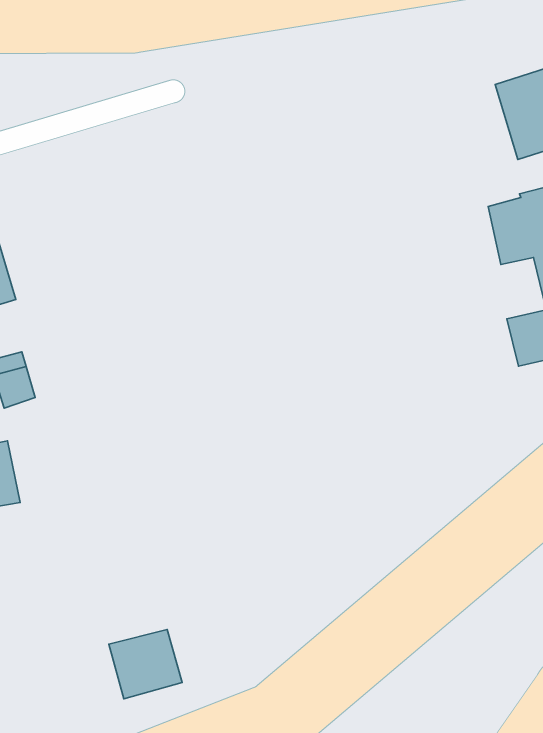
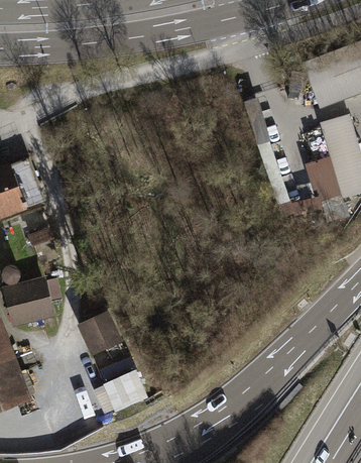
building: none -> [83,310,121,348]

